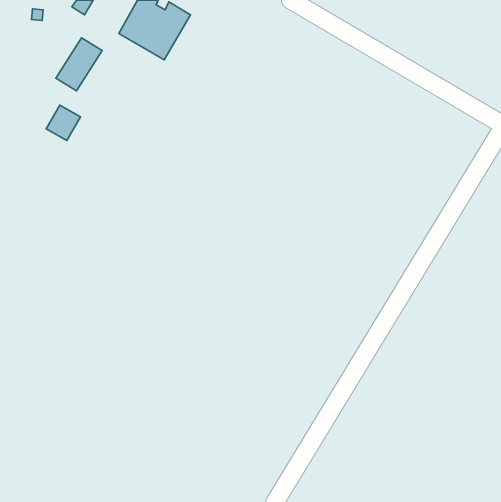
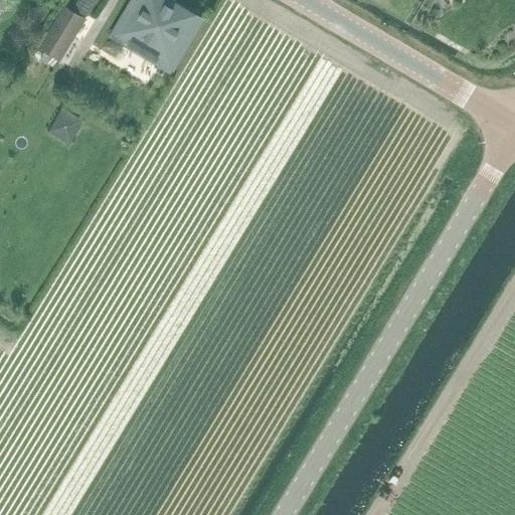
building: [56,38,102,91] -> [38,6,85,60]

